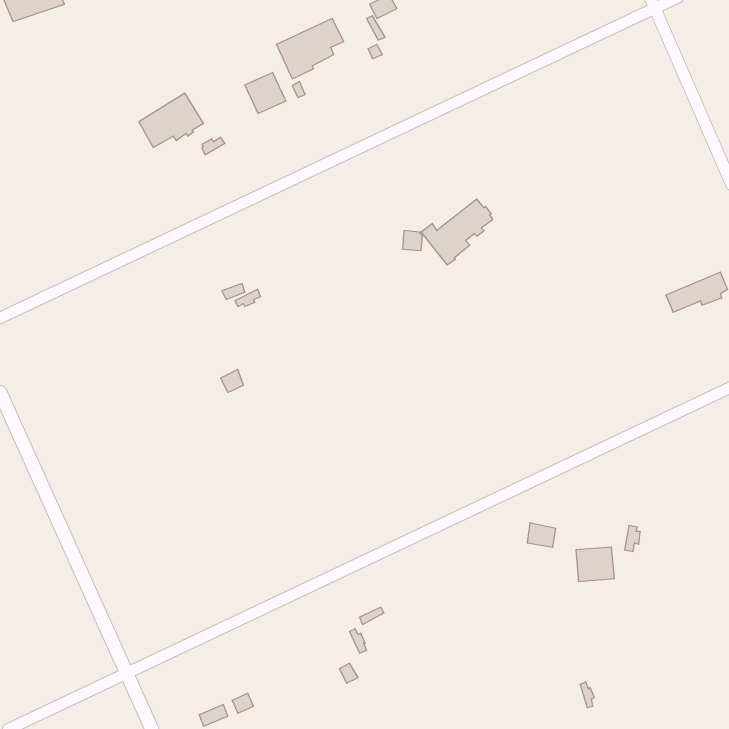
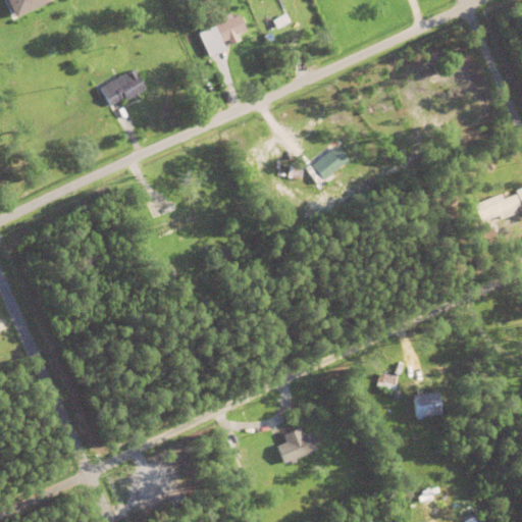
building: [245,72,286,114] -> none
building: none -> [276,428,317,464]

